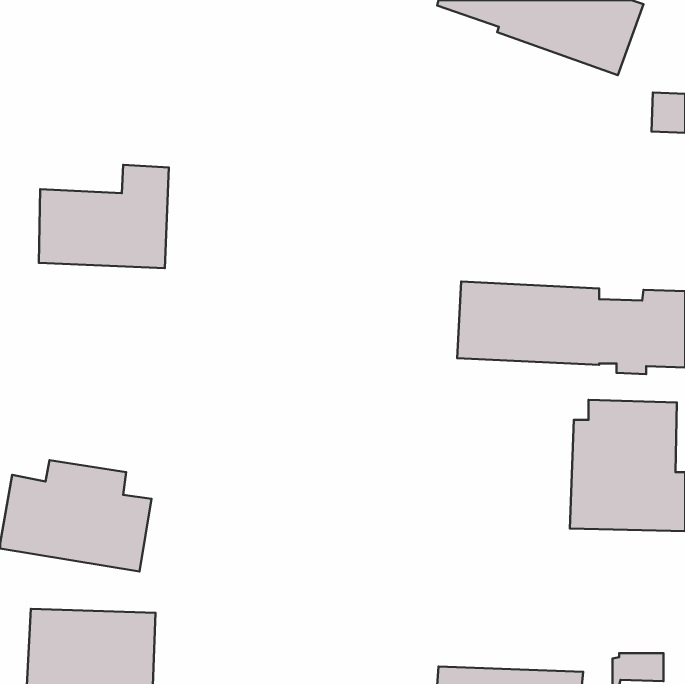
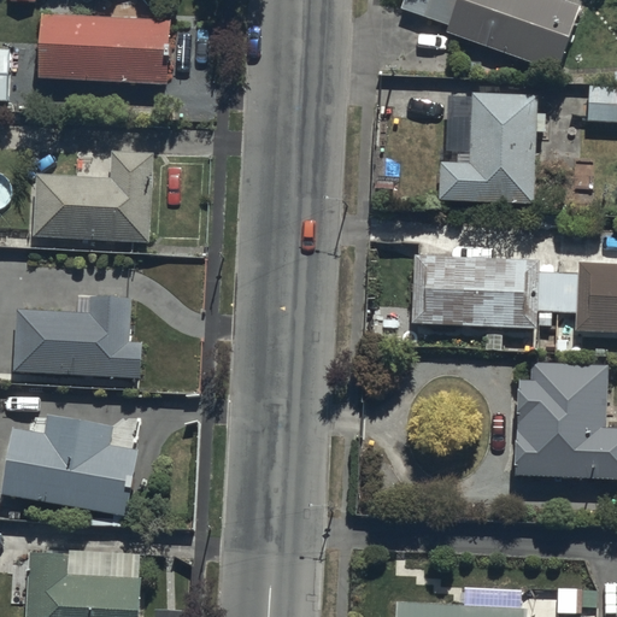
building: none -> [39,13,169,82]
building: none -> [436,92,545,204]
building: none -> [16,298,143,377]

